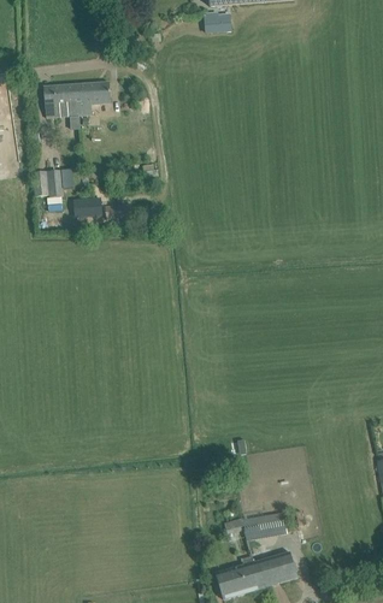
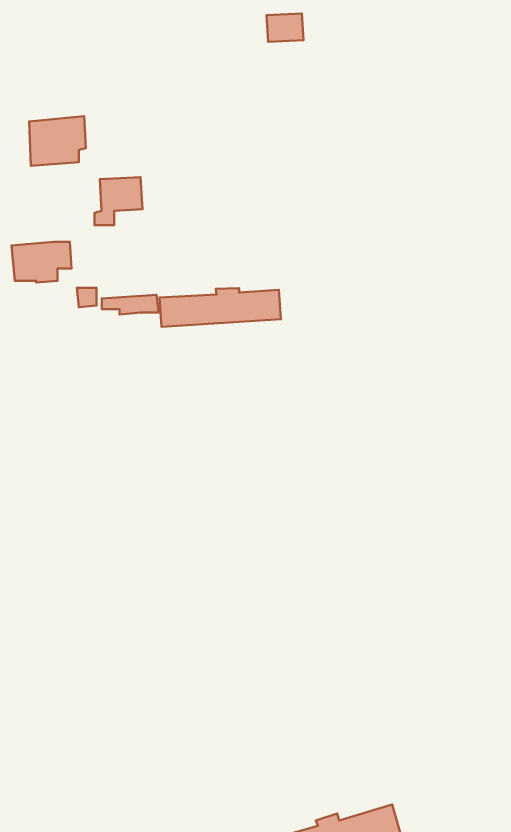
building: [77,82,110,114] -> [95,177,142,225]
building: none -> [160,288,281,327]
building: [224,512,287,539] -> none

